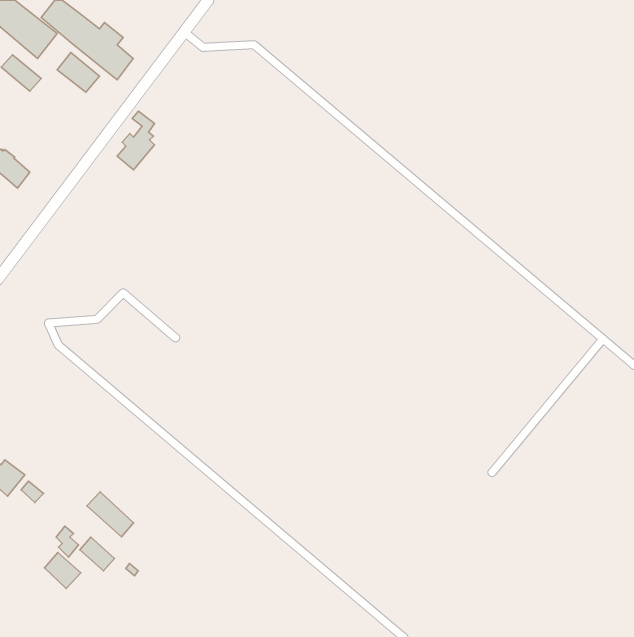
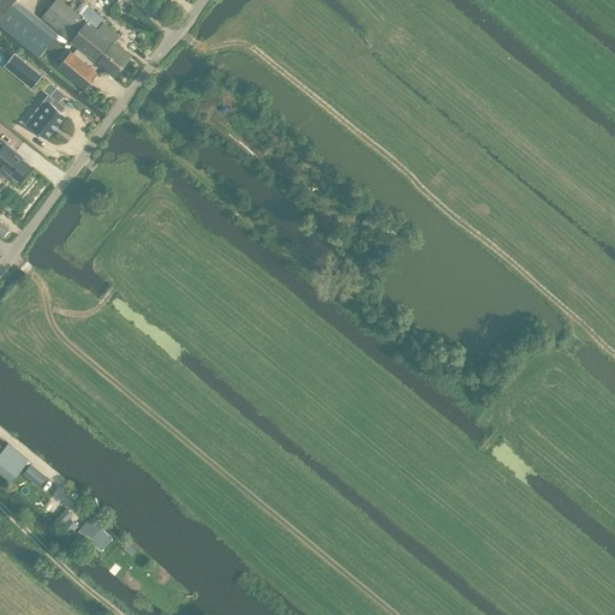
building: [117,111,155,170] -> [28,83,64,139]
building: [87,492,134,537] -> none
building: [45,552,81,588] -> none

